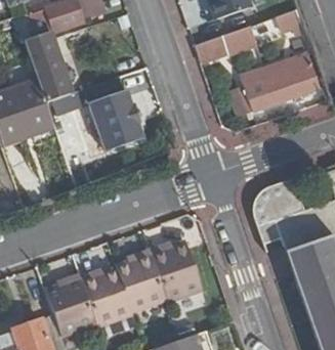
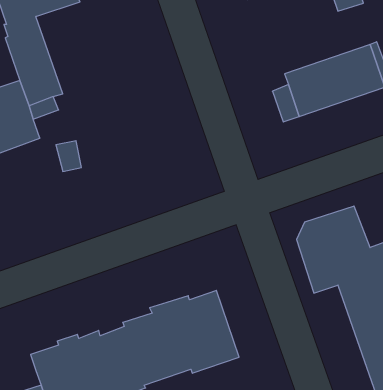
building: [195,25,259,60] -> none
building: [84,75,144,150] -> none

